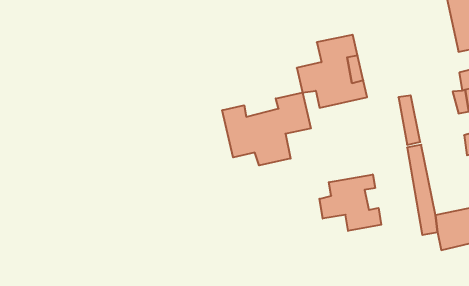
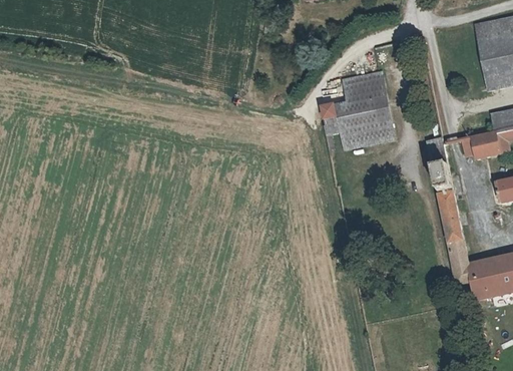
building: none -> [462,132,491,158]
building: [222,93,311,165] -> none
building: [319,174,381,231] -> none

